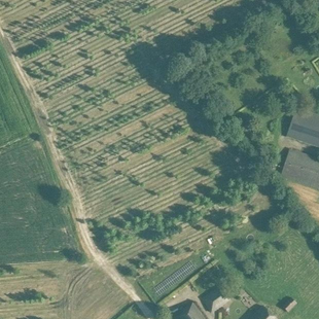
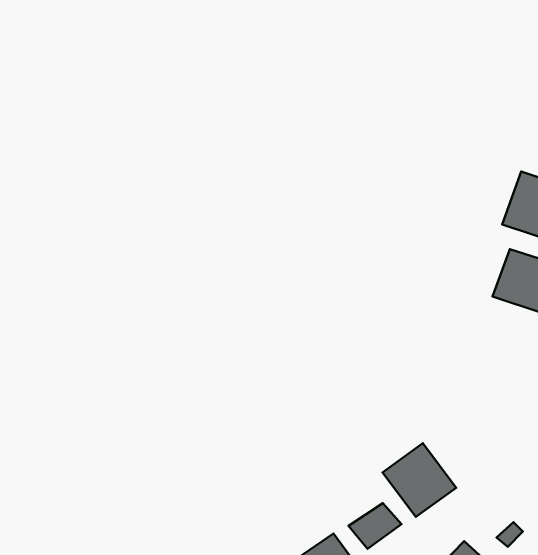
building: none -> [383,443,456,517]

